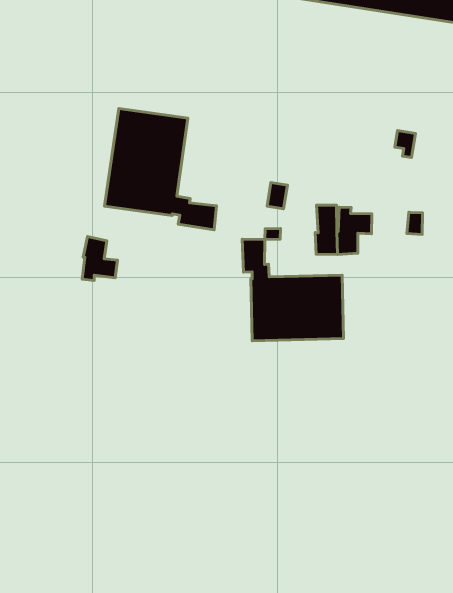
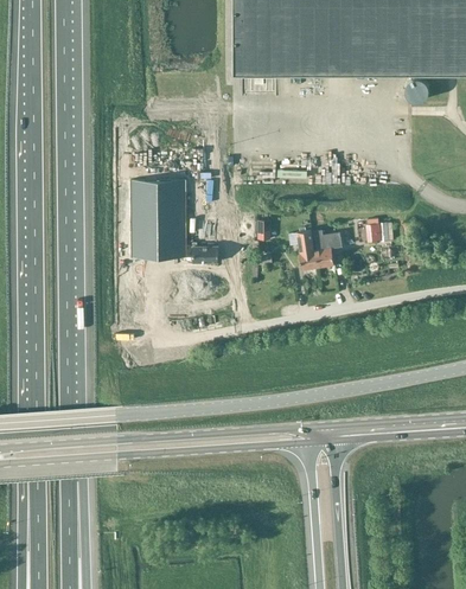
building: [82,237,118,281] -> none
building: [242,239,344,341] -> none

